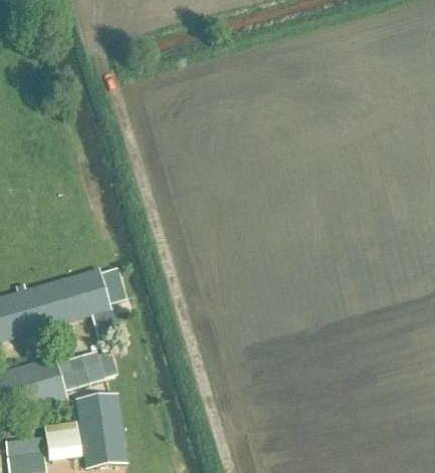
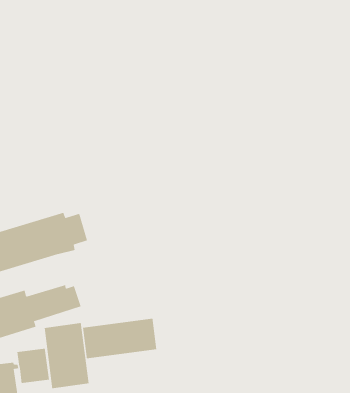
building: none -> [83,318,157,359]

